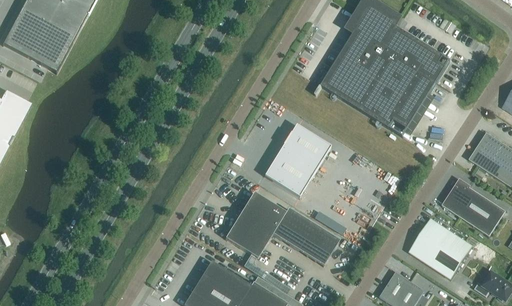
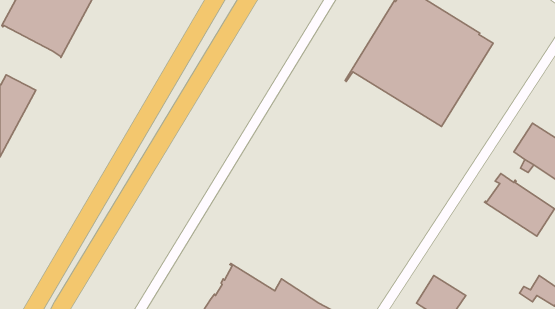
building: [264,123,331,196] -> none
building: [225,191,340,265] -> none
building: [409,217,473,278] -> none

